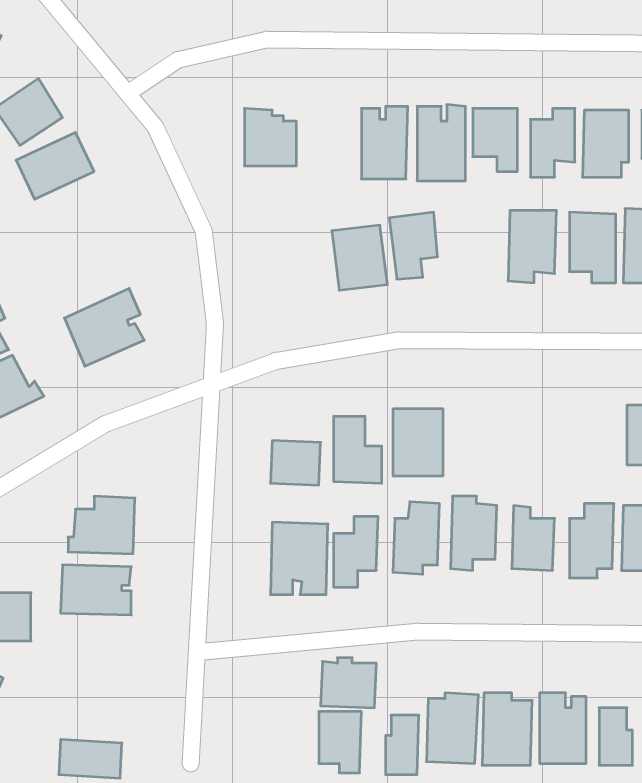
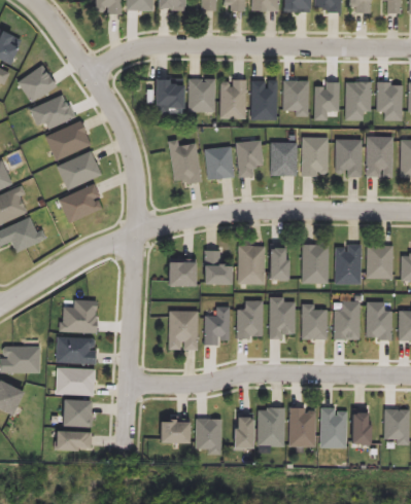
building: none -> [189,78,216,112]
building: none -> [44,118,91,158]
building: none -> [169,140,202,186]
building: none -> [271,142,299,177]
building: none -> [55,149,100,189]
building: none -> [304,244,331,285]
building: none -> [337,245,364,284]
building: none -> [272,252,290,284]
building: none -> [54,364,94,393]
building: [321,658,376,708] -> [161,419,192,446]
building: none -> [61,398,90,427]

